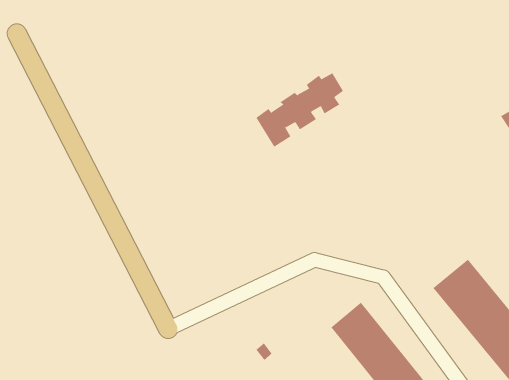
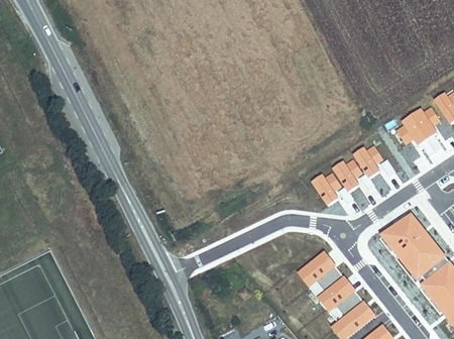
building: [255,72,344,148] -> [311,144,383,206]
building: none -> [394,106,439,145]

